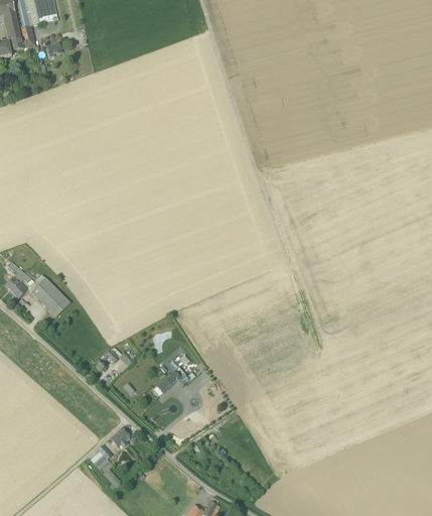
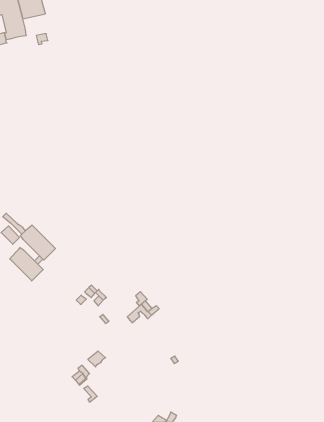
building: none -> [10,248,43,281]

